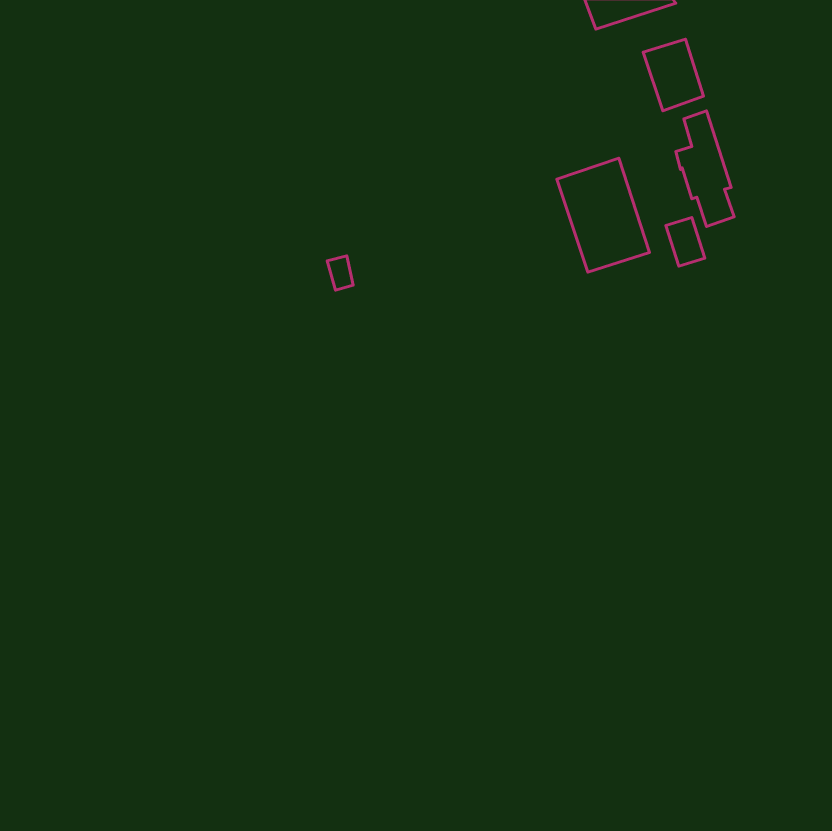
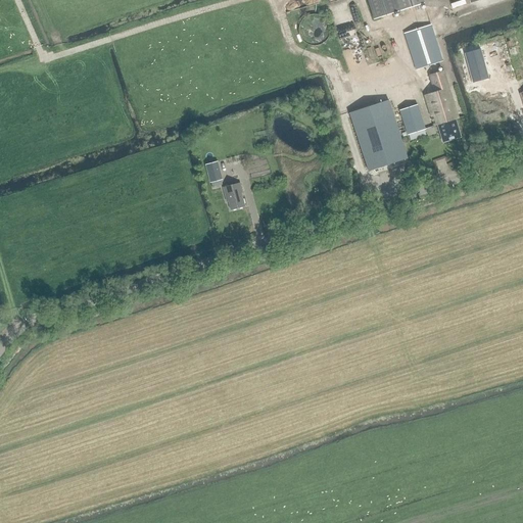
building: none -> [465,48,488,82]
building: [666,217,705,266] -> [399,103,424,134]
building: none -> [223,182,244,208]

